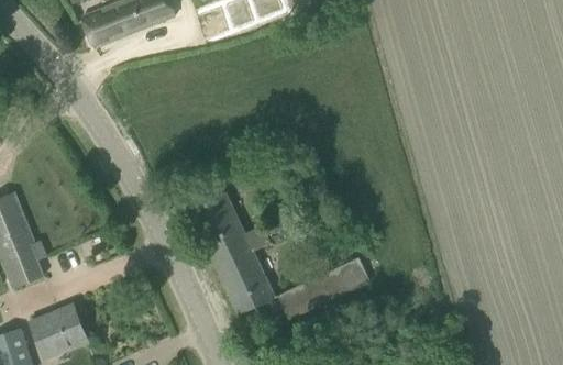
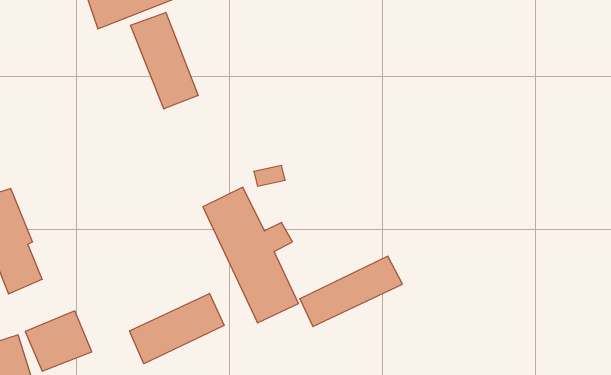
building: none -> [131,12,198,109]
building: none -> [130,293,224,364]

